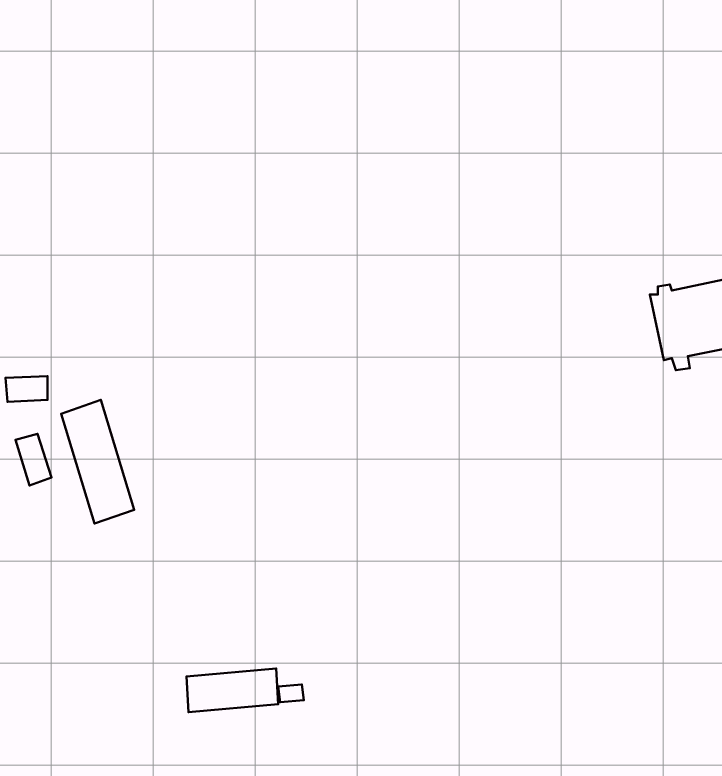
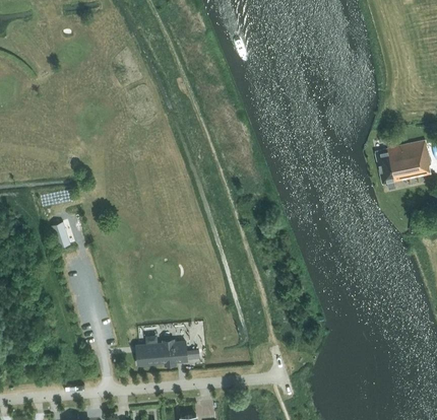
building: [61,400,134,524] -> none

